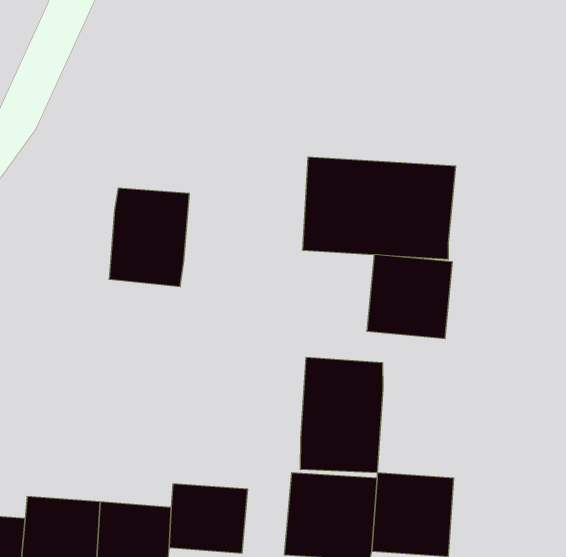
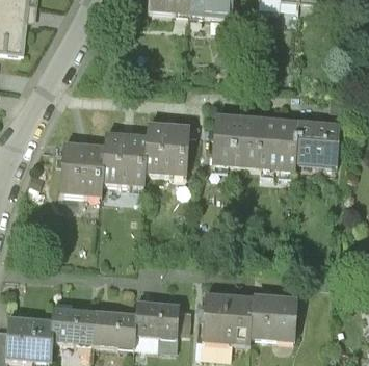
building: none -> [143,122,191,177]
building: none -> [59,141,104,198]
building: [367,255,452,339] -> [294,120,343,167]
building: [301,357,383,473] -> none

